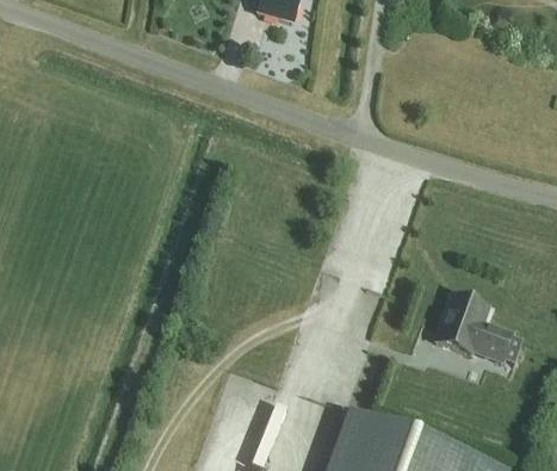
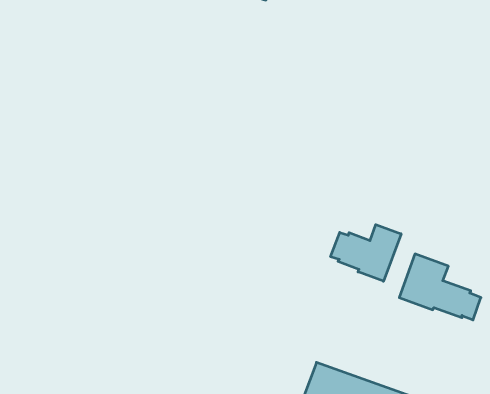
building: none -> [331,225,401,281]

